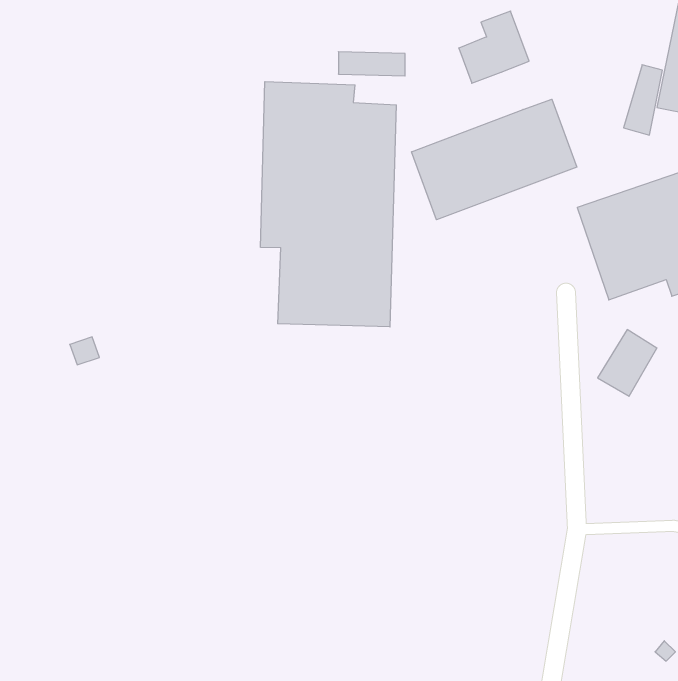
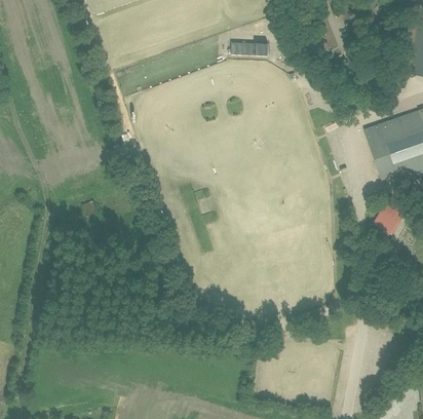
building: [261,82,396,327] -> none
building: [412,99,577,220] -> none

